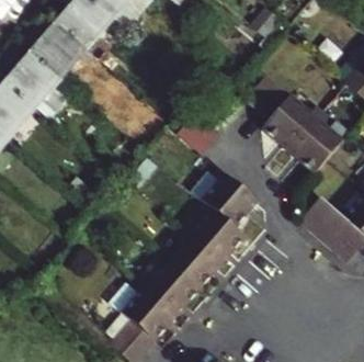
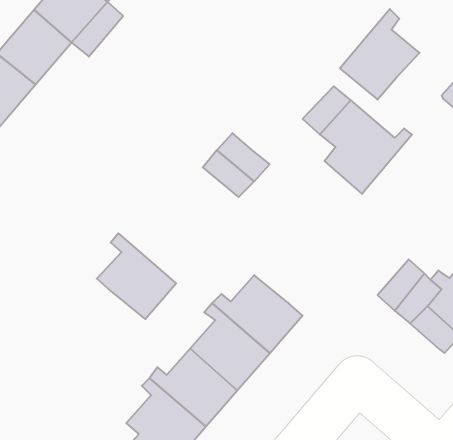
building: [288,111,344,174] -> [340,9,420,100]
building: [203,169,259,229] -> [97,233,176,319]

